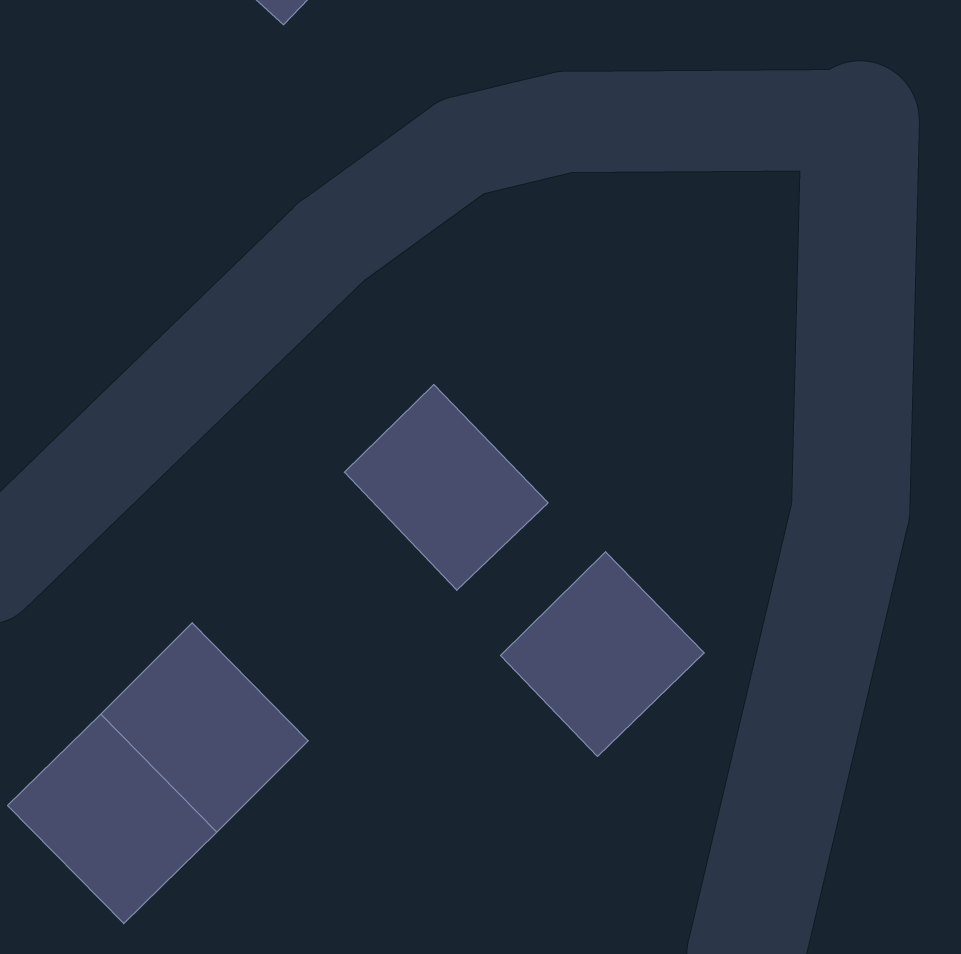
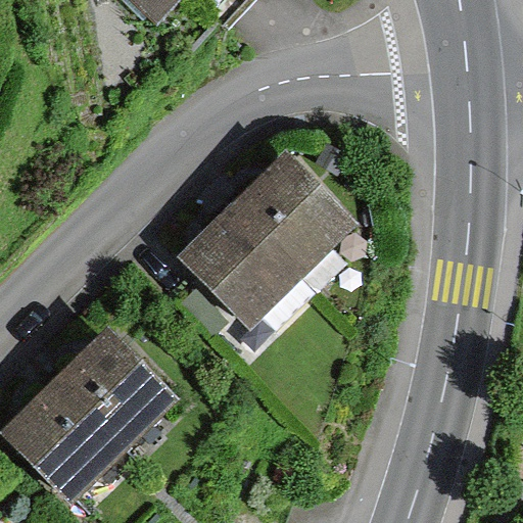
building: none -> [233,159,343,270]
building: [501,552,704,756] -> none

